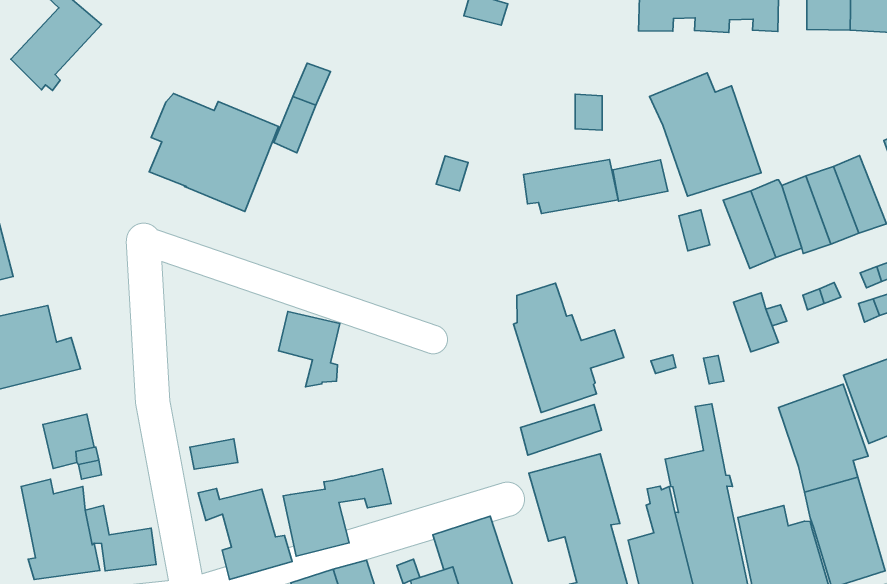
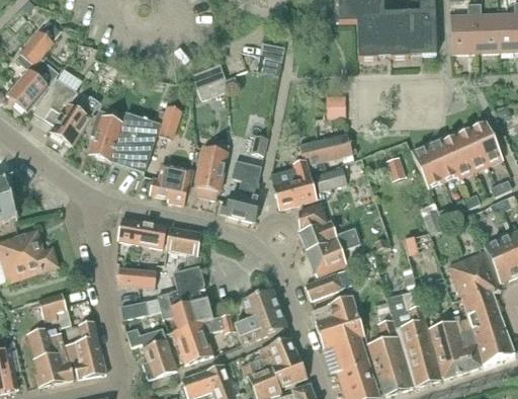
building: none -> [191,64,225,99]
building: none -> [32,77,100,144]
building: [650,73,761,196] -> none
building: [613,160,668,201] -> [315,166,346,190]
building: none -> [195,142,231,198]
building: none -> [151,161,191,204]
building: none -> [221,159,261,221]
building: none -> [272,159,316,208]
building: none -> [118,217,167,247]
building: none -> [117,266,155,286]
building: none -> [157,265,212,329]
building: none -> [234,289,286,344]
building: none -> [74,320,101,357]

